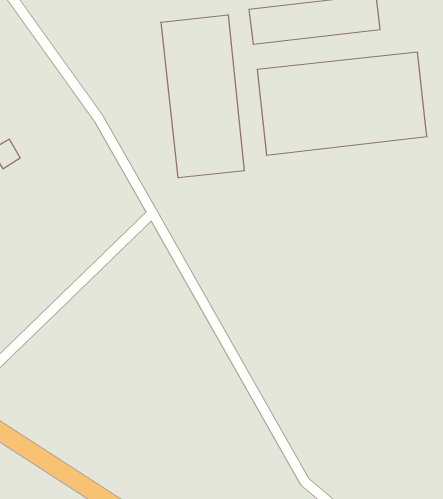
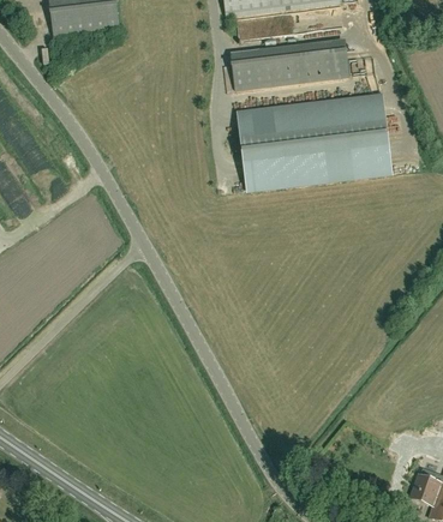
building: [161,15,244,178] -> none

